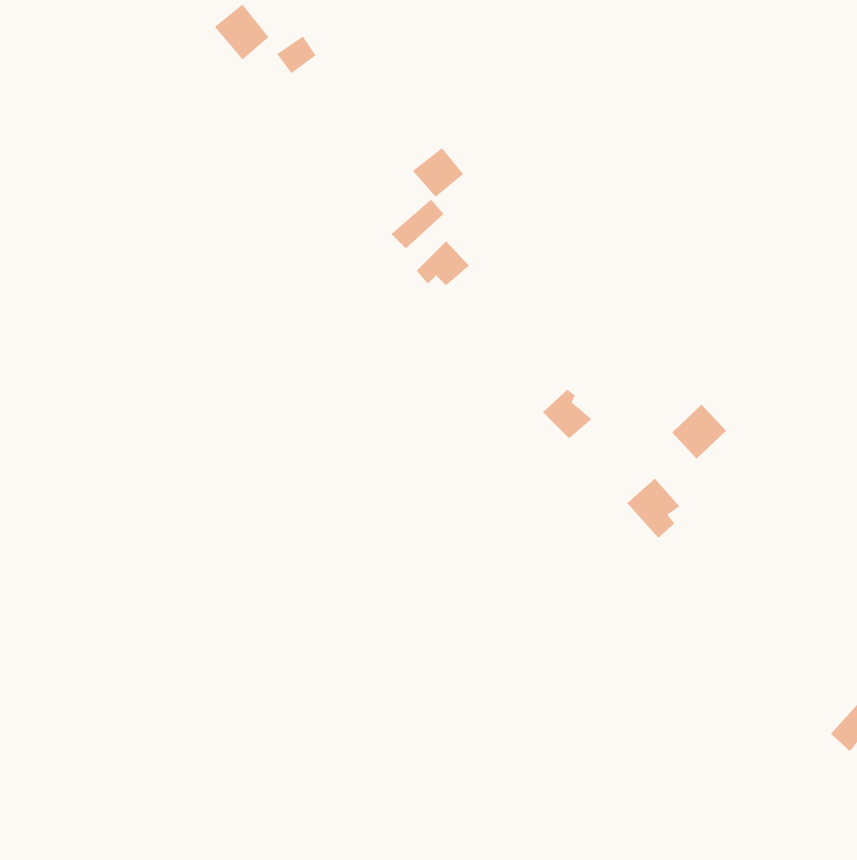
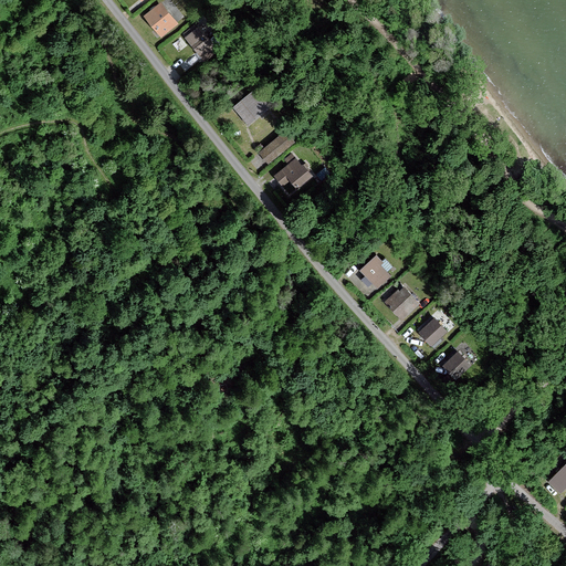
building: [412,147,464,198] -> [232,92,266,125]
building: [671,404,727,459] -> [384,286,420,323]
building: none -> [440,350,471,381]

